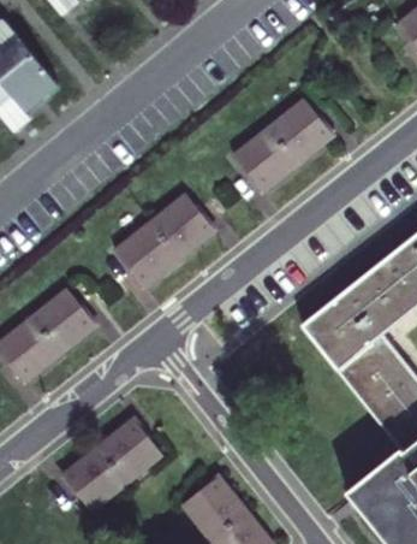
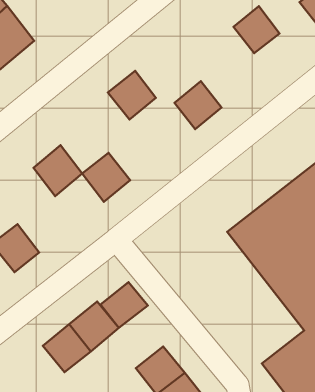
building: [267,106,326,166] -> [233,6,279,53]
building: [149,196,210,259] -> [108,71,156,120]
building: [32,286,95,351] -> [33,145,82,196]
building: none -> [101,282,148,328]

